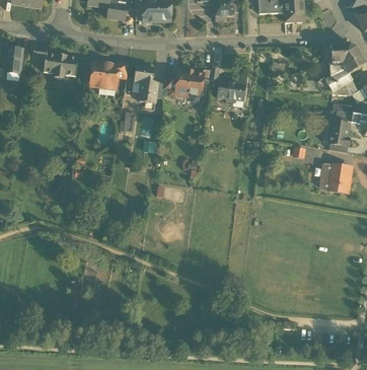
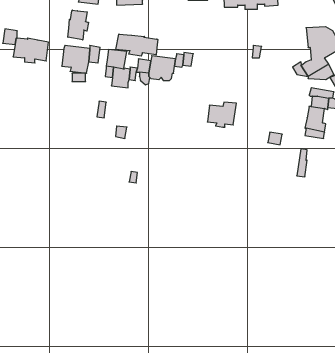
building: none -> [68,10,89,40]
building: none -> [116,34,158,56]
building: [217,79,245,103] -> [207,102,236,127]
building: [328,164,351,193] -> none

